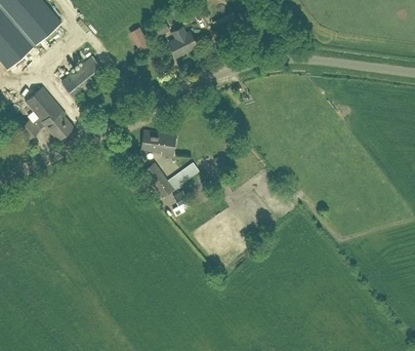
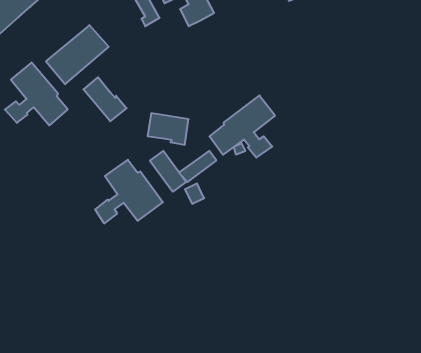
building: none -> [83,77,127,121]
building: none -> [209,95,275,158]
building: none -> [95,160,163,223]

